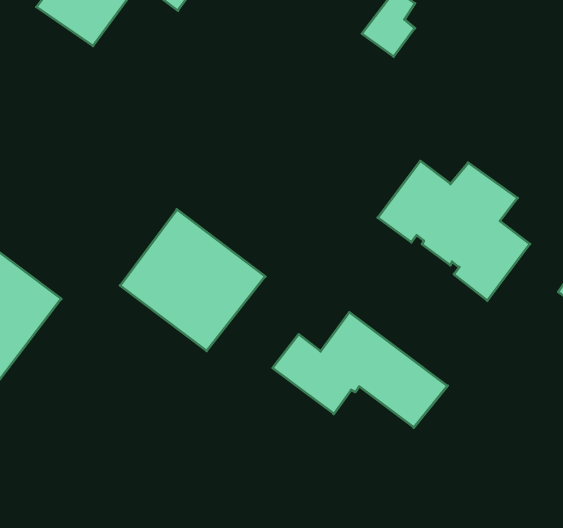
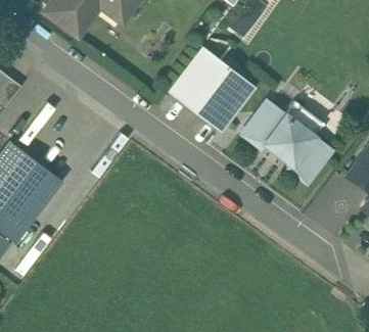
building: [120,209,265,351] -> [170,48,253,130]
building: [273,312,448,428] -> none

